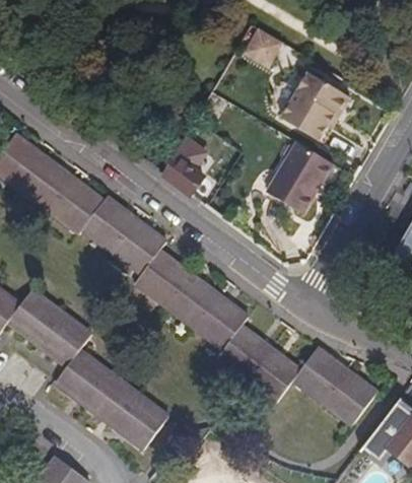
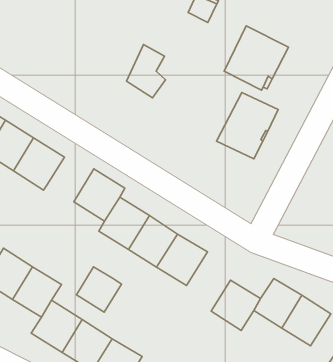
building: [163,139,206,197] -> [127,45,165,98]
building: [81,193,133,247] -> none
building: none -> [76,267,121,312]
building: [216,322,270,375] -> none

